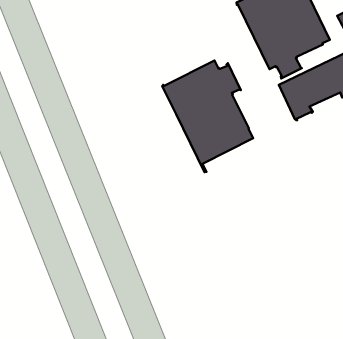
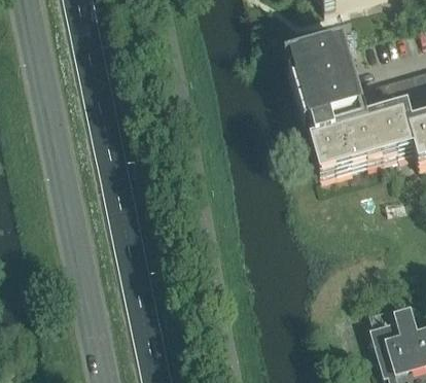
building: [162,60,253,172] -> none

